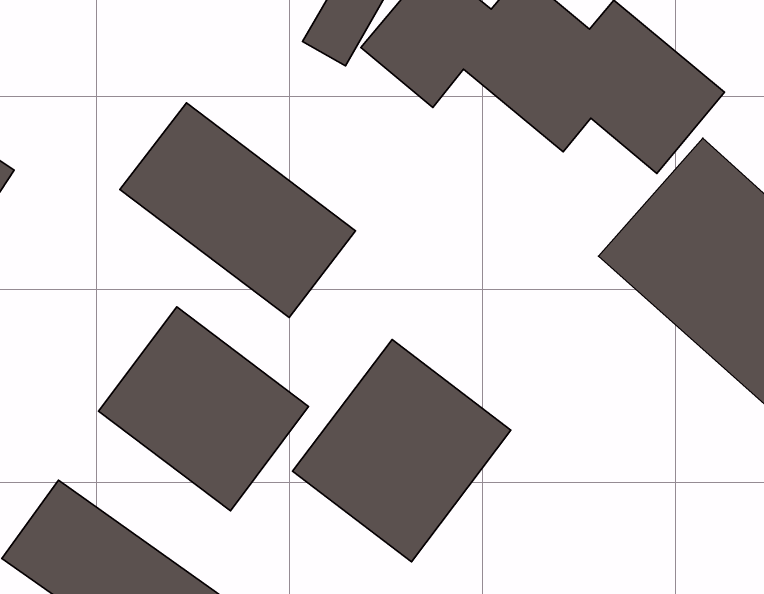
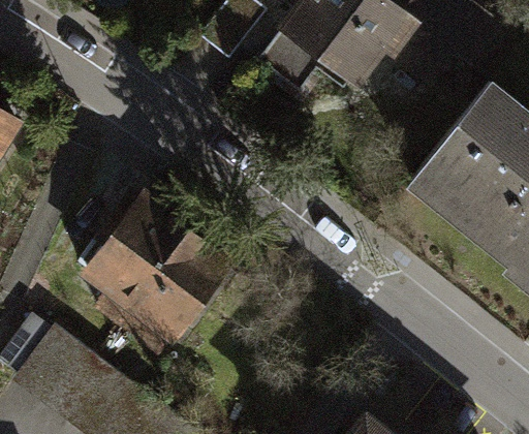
building: [120,103,356,318] -> none
building: [293,340,511,562] -> none

